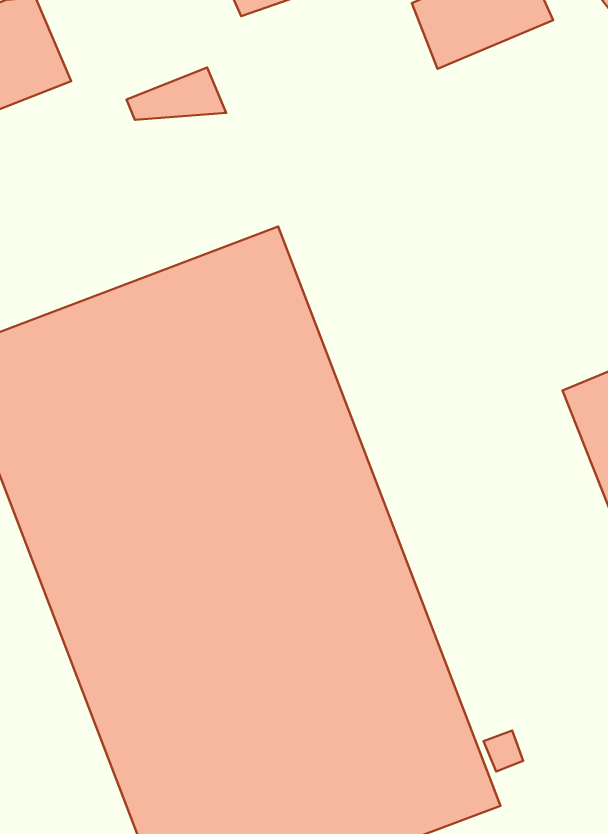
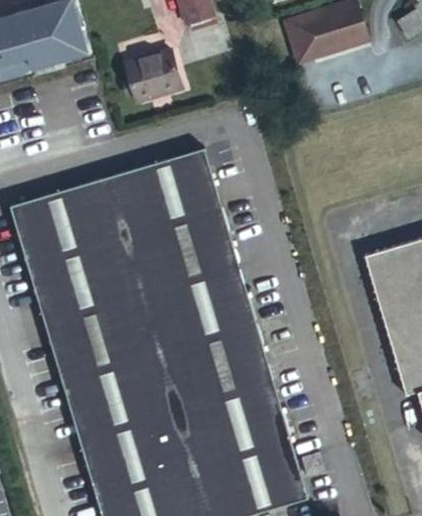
building: none -> [125,79,180,101]

